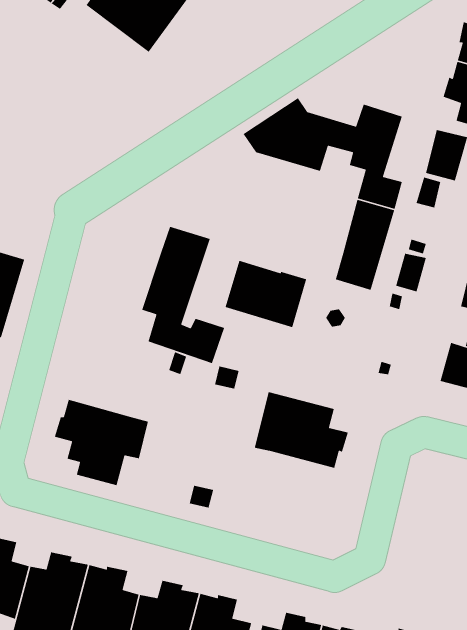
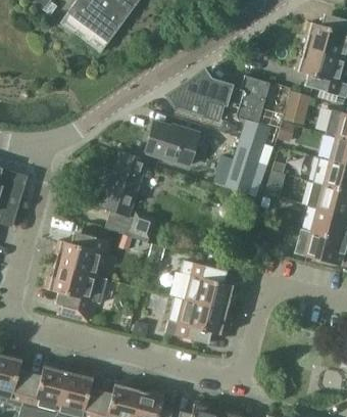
building: [225,260,307,328] -> [144,123,197,167]
building: none -> [54,232,107,277]
building: none -> [164,299,226,344]

